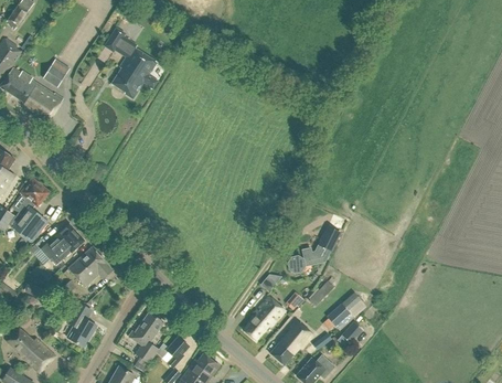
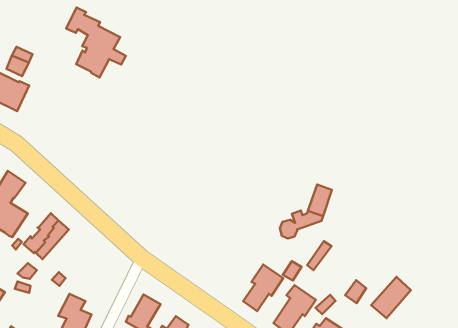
building: [67,247,111,287] -> none
building: [327,292,366,331] -> [371,277,411,318]

